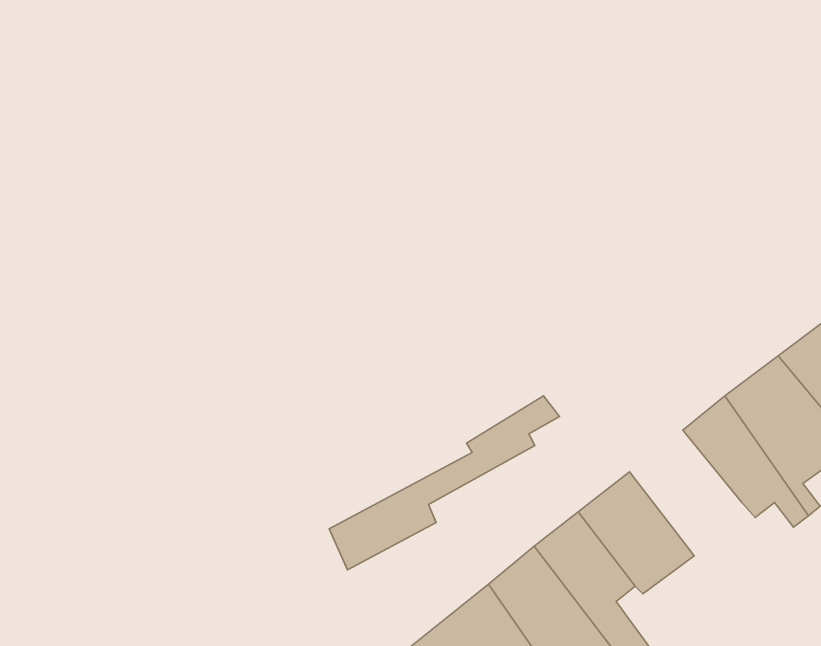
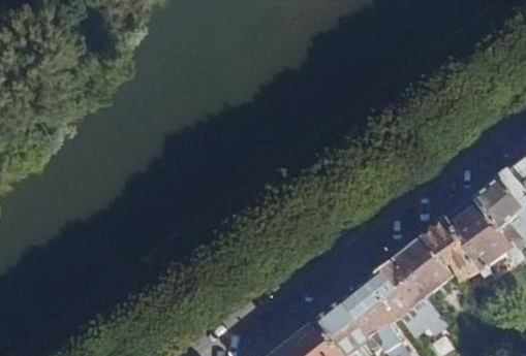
building: [329,396,559,570] -> none
building: none -> [395,234,456,297]

